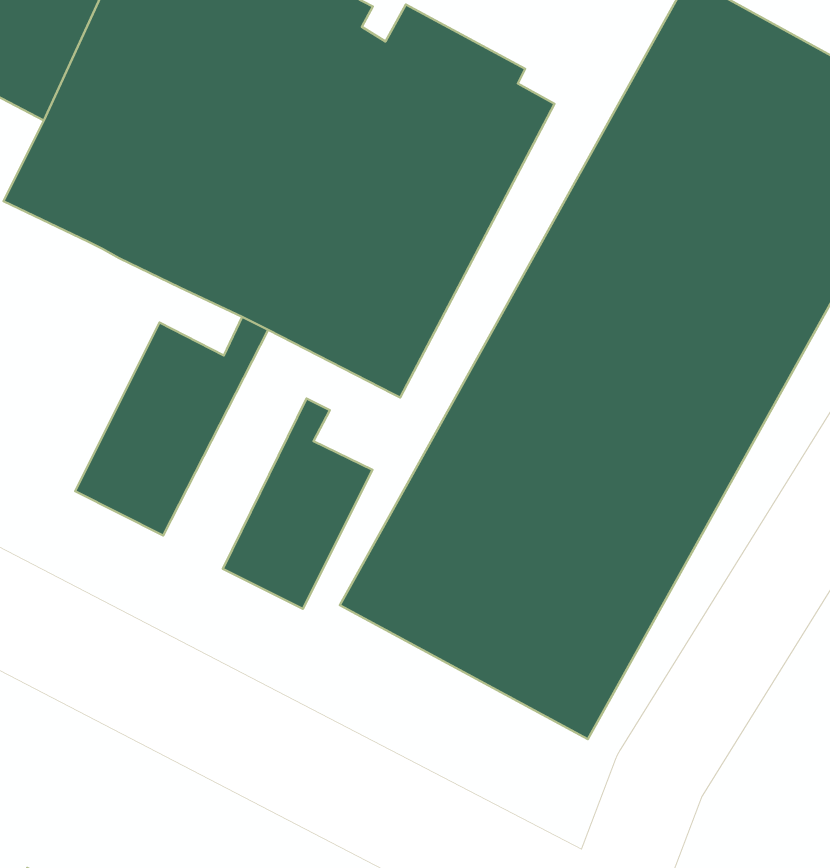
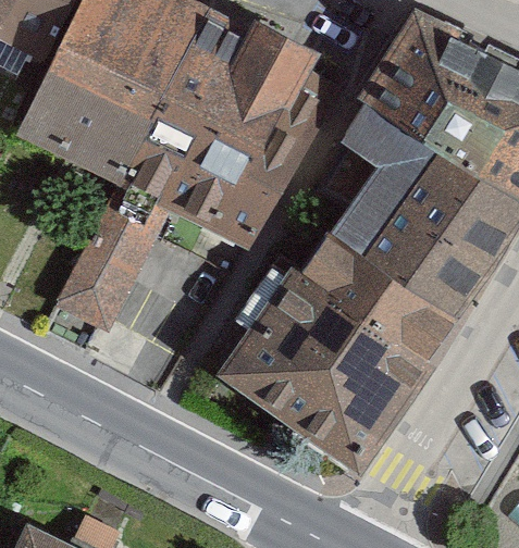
building: [223,398,372,609] -> none

